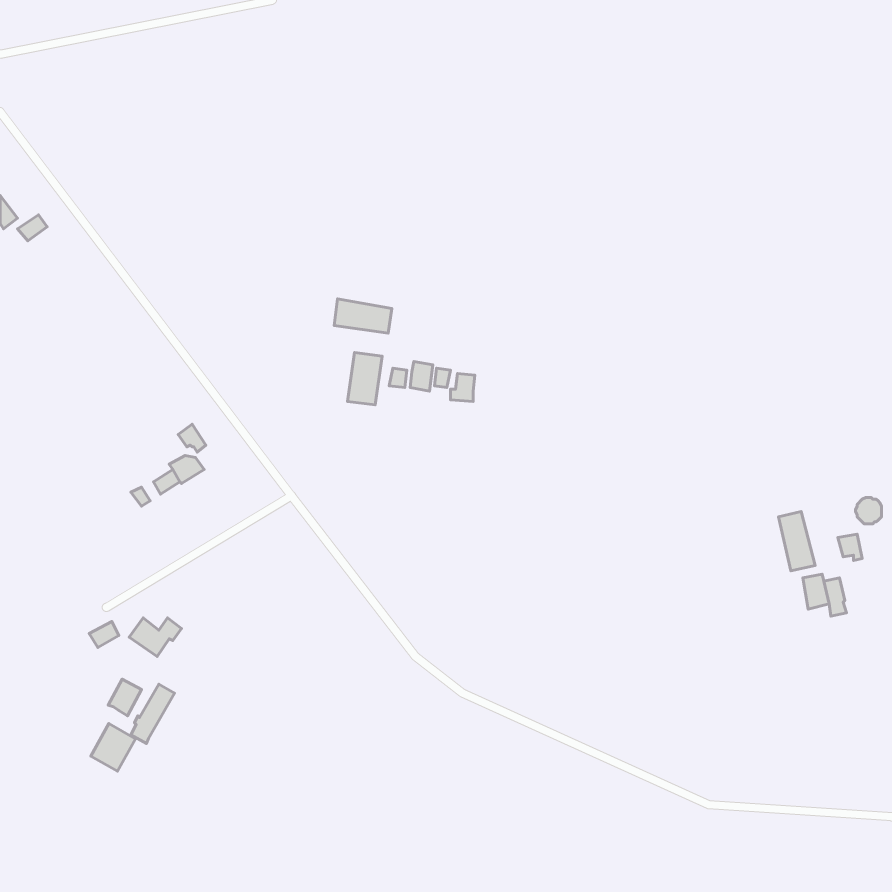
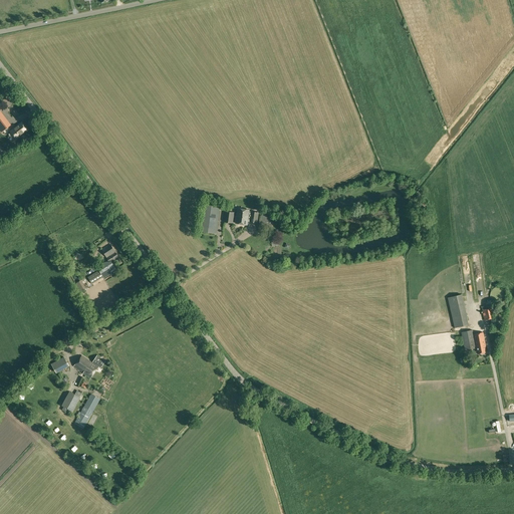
building: [334,299,392,333] -> none
building: [91,724,135,771] -> none

